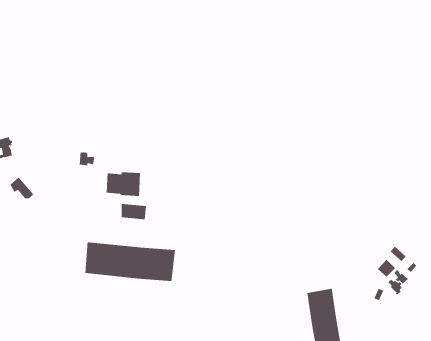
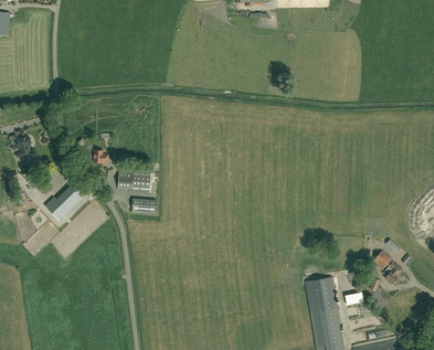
building: none -> [45,184,84,220]
building: [85,241,175,282] -> none

